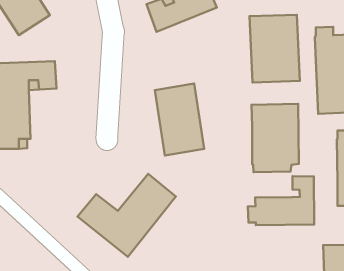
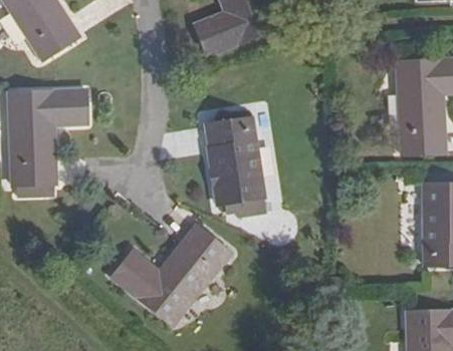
building: [250,15,300,82] -> none
building: [252,104,299,172] -> none
building: [248,176,314,225] -> none

